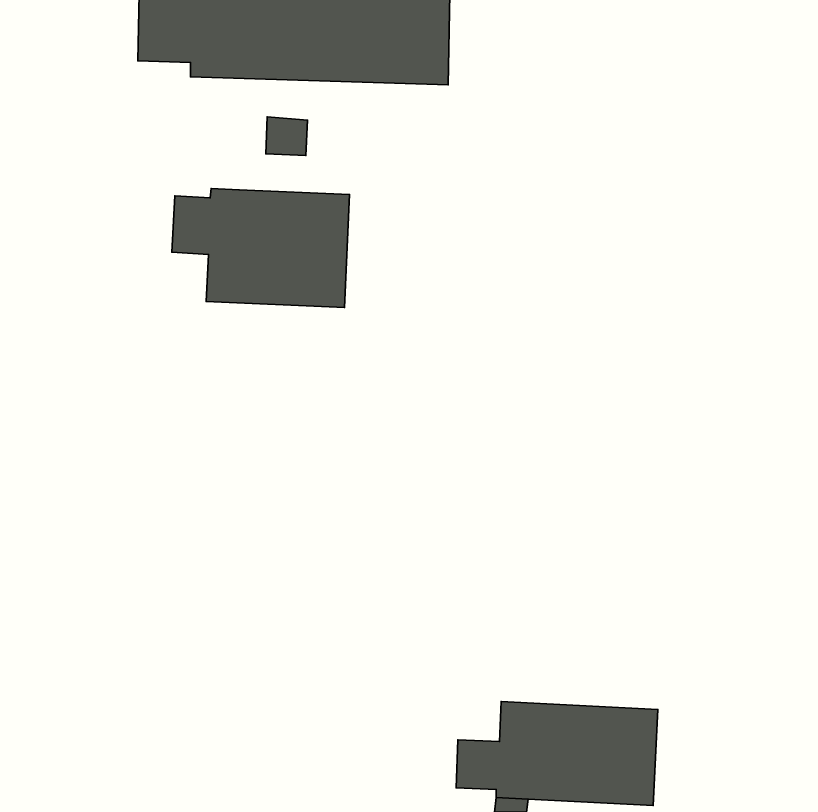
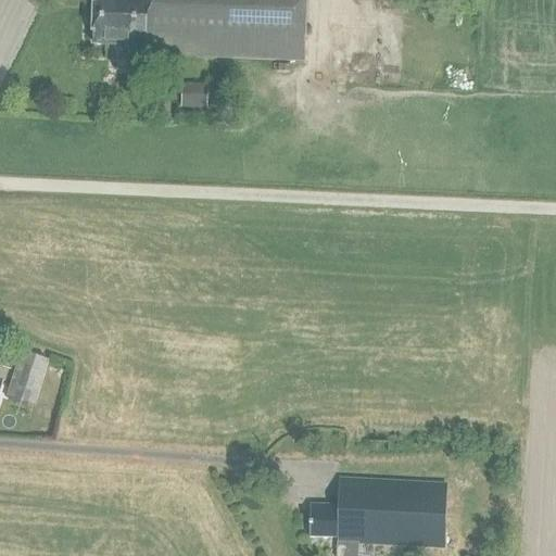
building: [172,189,349,307] -> none
building: none -> [5,349,48,403]

